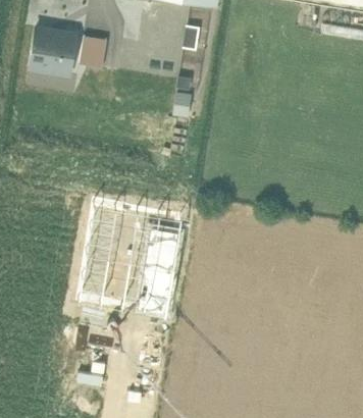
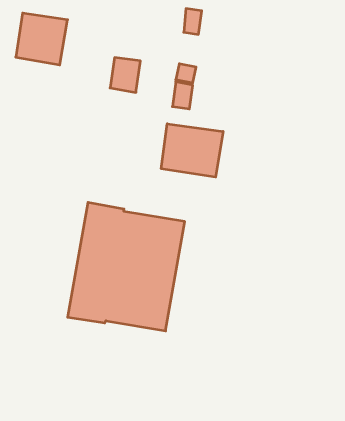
building: [80,33,107,64] -> [110,58,140,92]
building: none -> [161,124,223,177]

